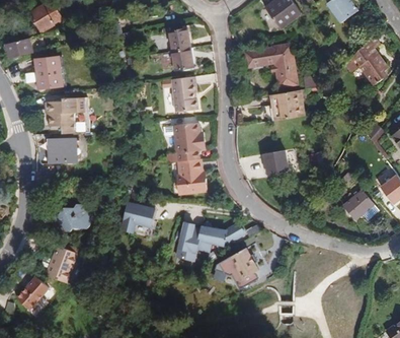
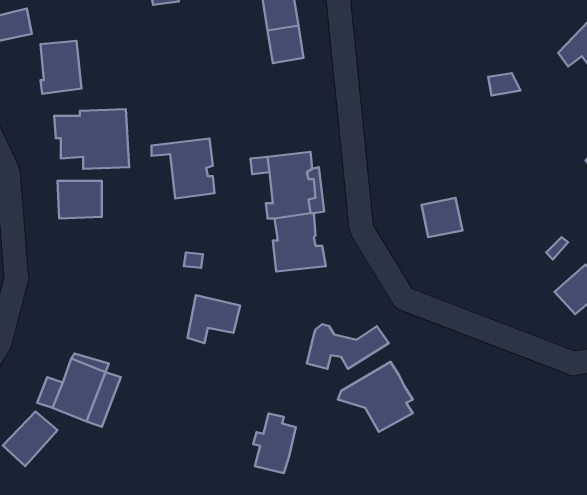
building: [244,43,297,86] -> none
building: [160,75,197,111] -> [151,139,215,198]
building: [270,89,304,119] -> none
building: [53,203,92,230] -> none
building: [174,222,199,258] -> [253,413,296,473]

